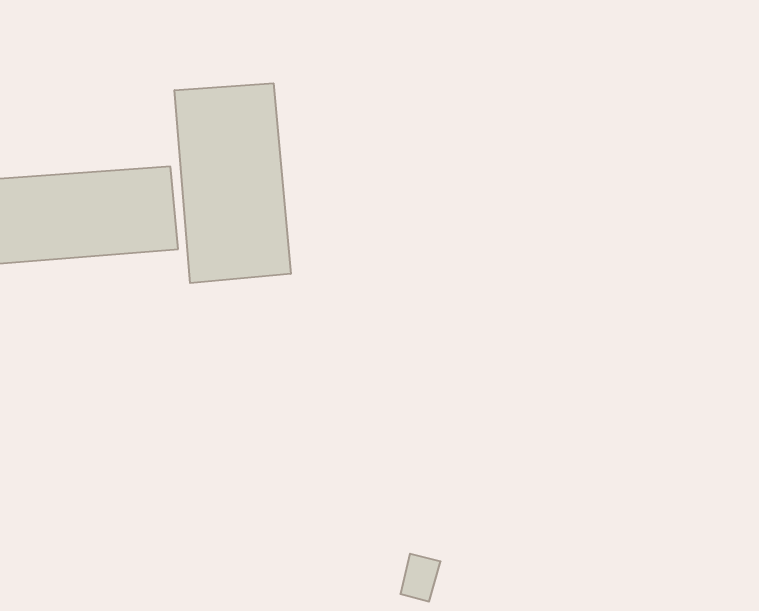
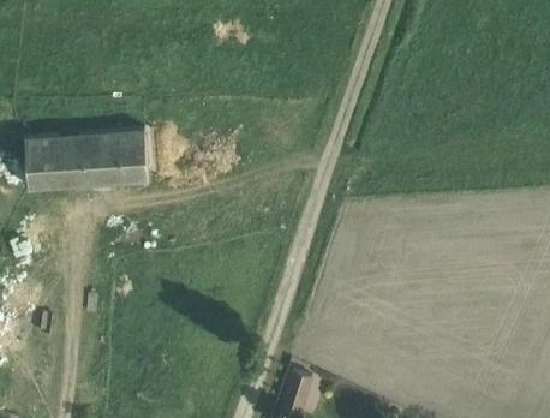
building: [175,83,291,283] -> none

